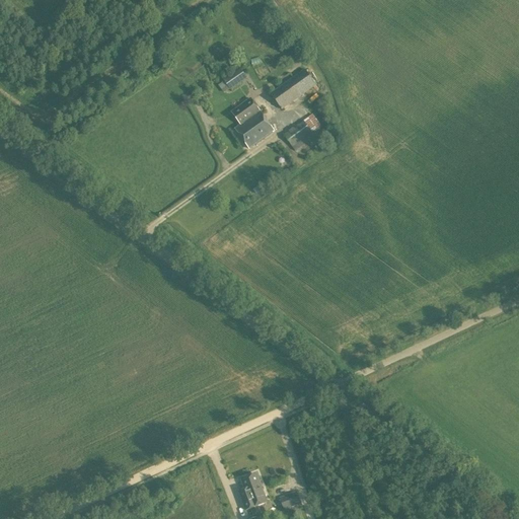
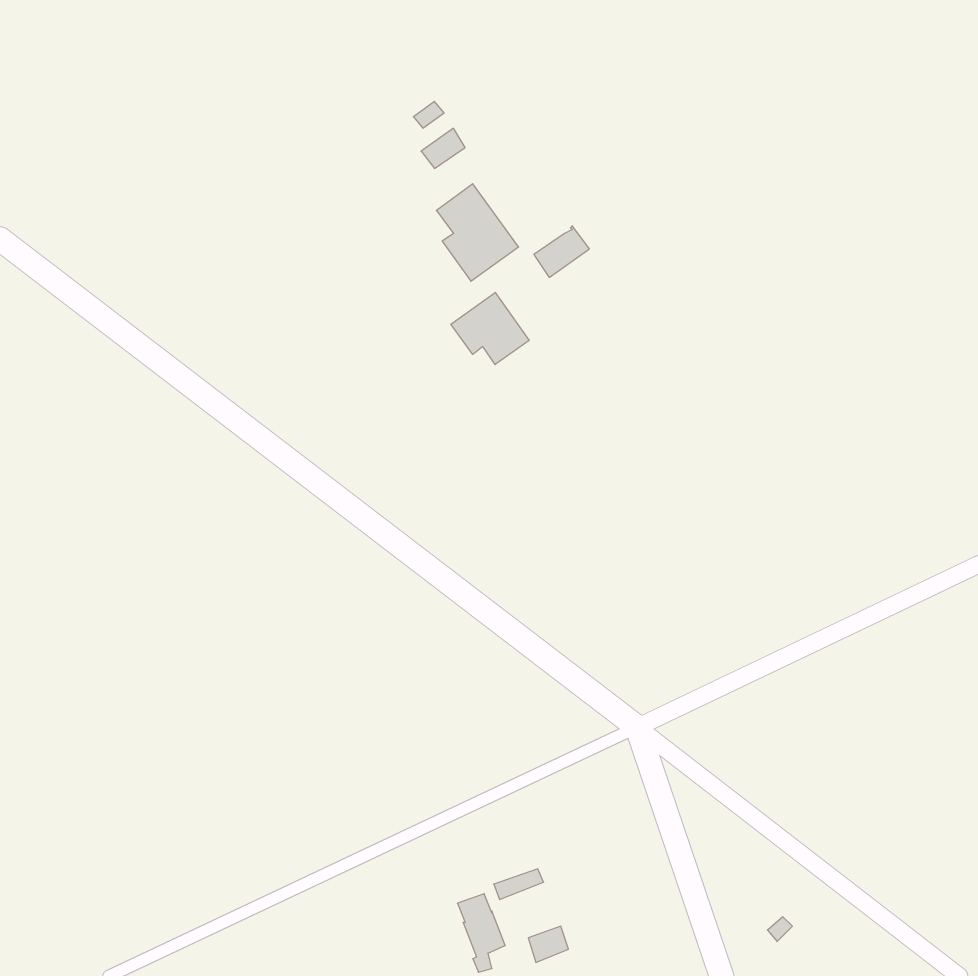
building: [271,69,316,109] -> none
building: none -> [451,292,529,365]

